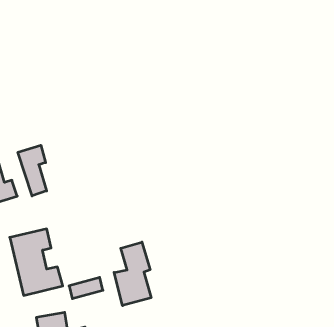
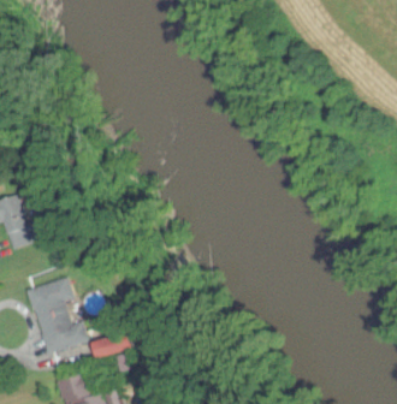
building: [18,145,47,196] -> none
building: [114,242,151,306] -> none

